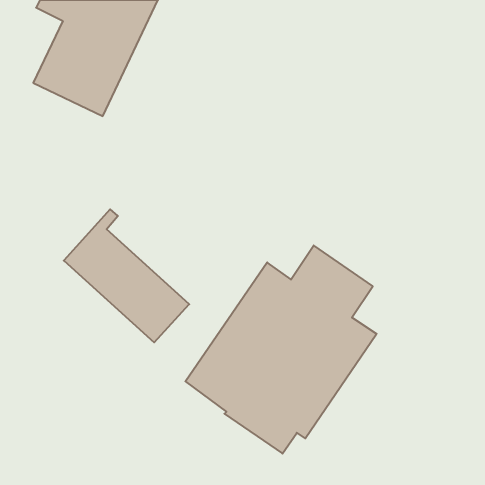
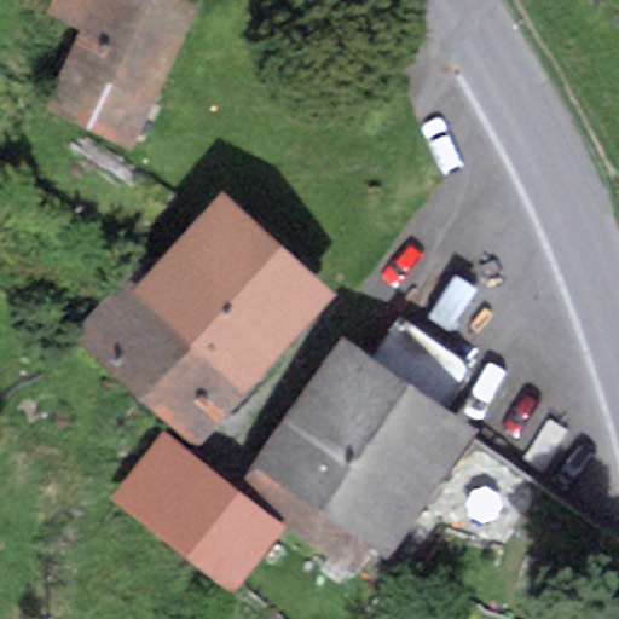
building: none -> [135,196,328,388]
building: none -> [109,429,288,594]

